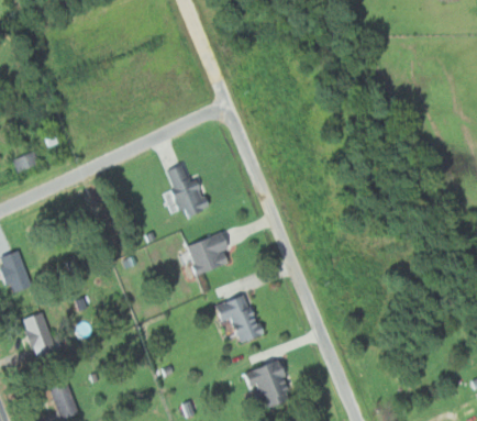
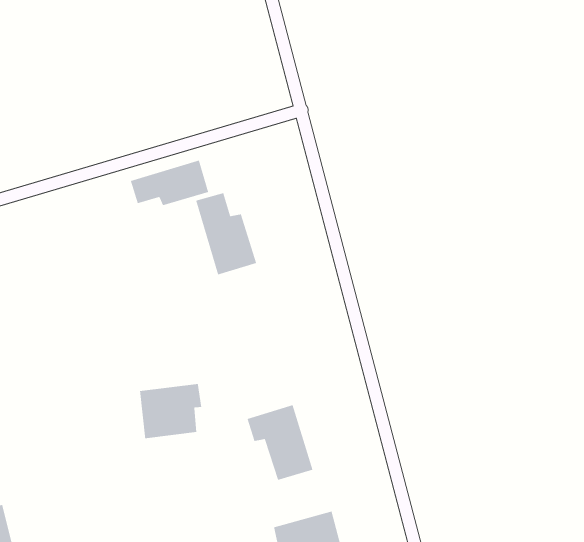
building: none -> [130,160,209,206]
building: [187,233,229,274] -> [139,383,202,439]

